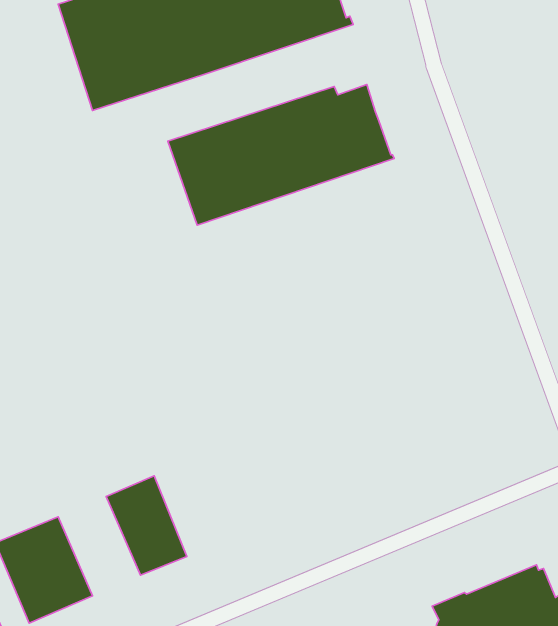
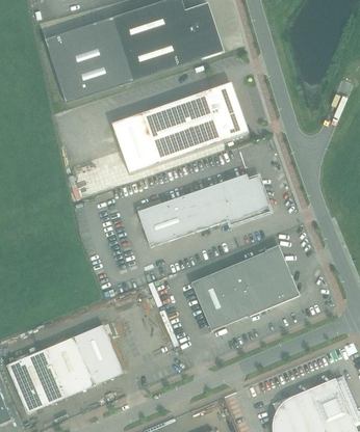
building: none -> [137,173,271,247]
building: none -> [190,246,298,330]
building: none -> [45,336,95,397]

